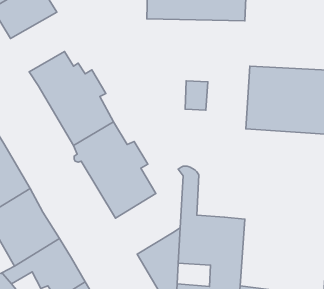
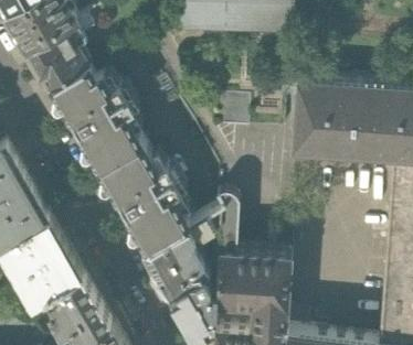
building: none -> [29,15,95,87]
building: none -> [147,213,216,292]

